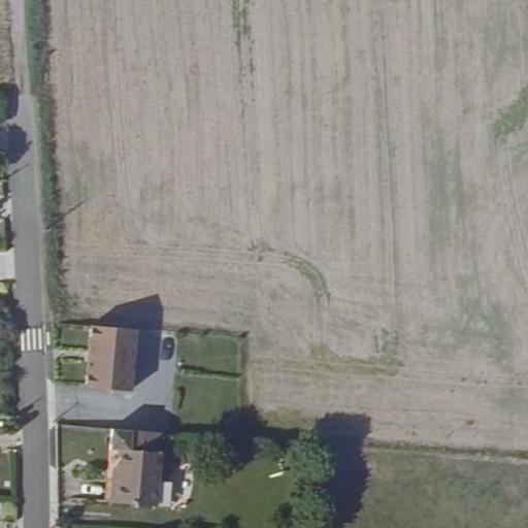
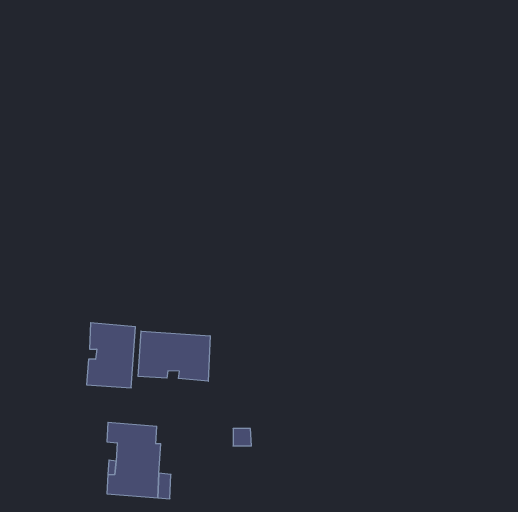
building: none -> [138,331,210,381]

